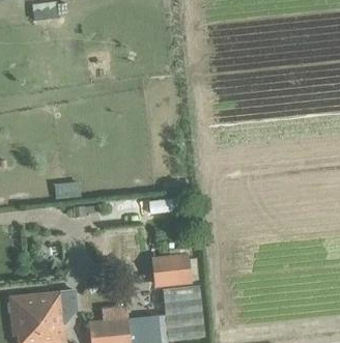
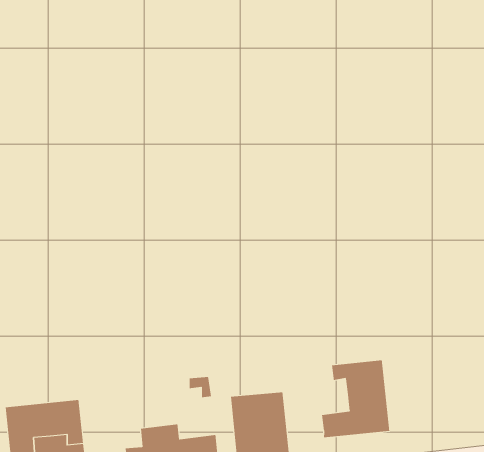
building: [153,255,189,284] -> none
building: none -> [322,360,390,438]

